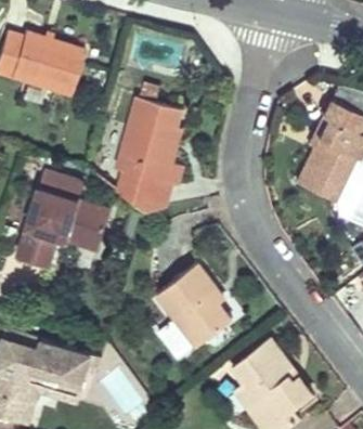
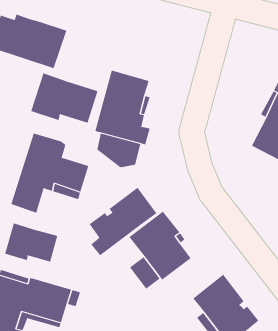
building: none -> [31,72,98,124]
building: none -> [89,187,157,256]
building: none -> [4,222,58,262]

